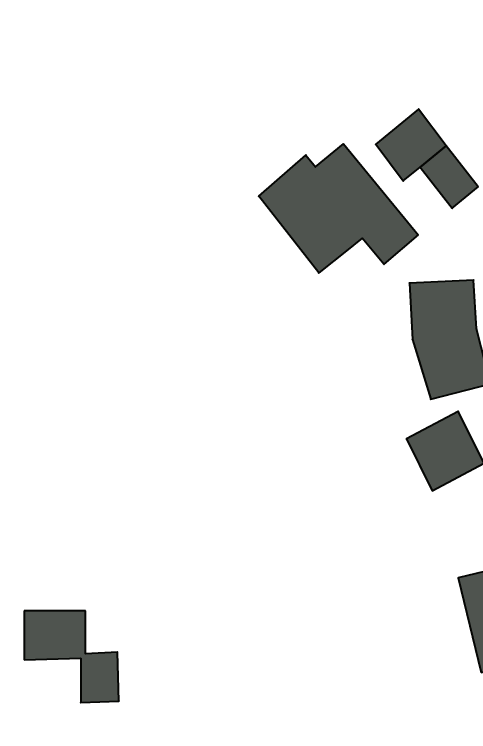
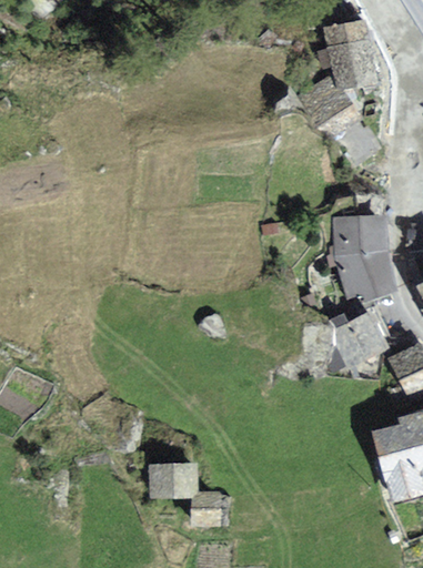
building: none -> [324,21,372,89]
building: [259,144,418,273] -> none
building: [24,611,119,703] -> [147,462,215,528]

